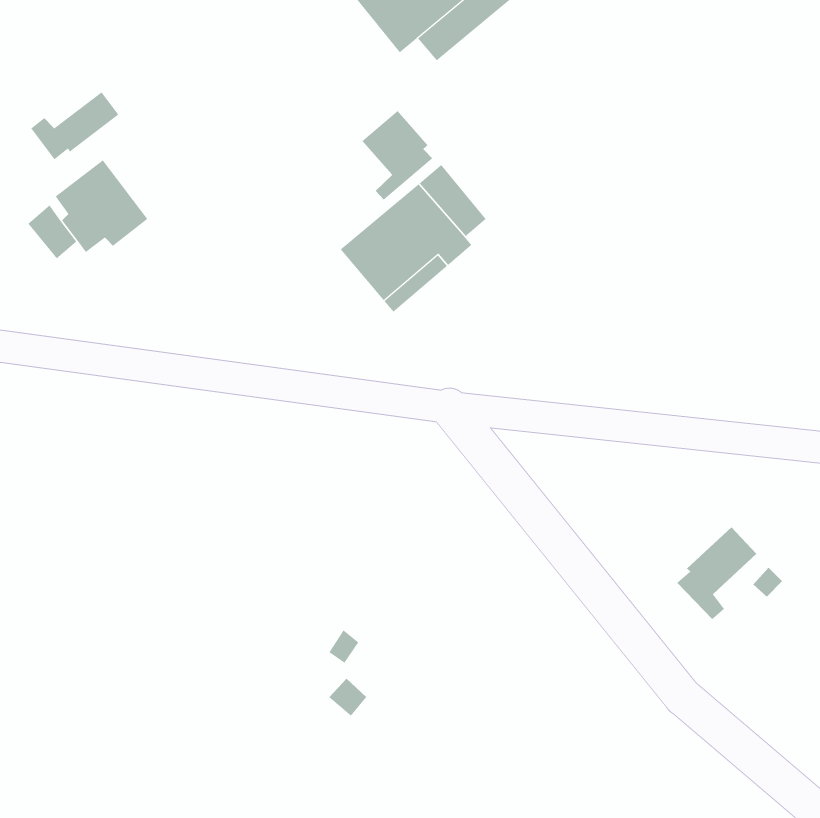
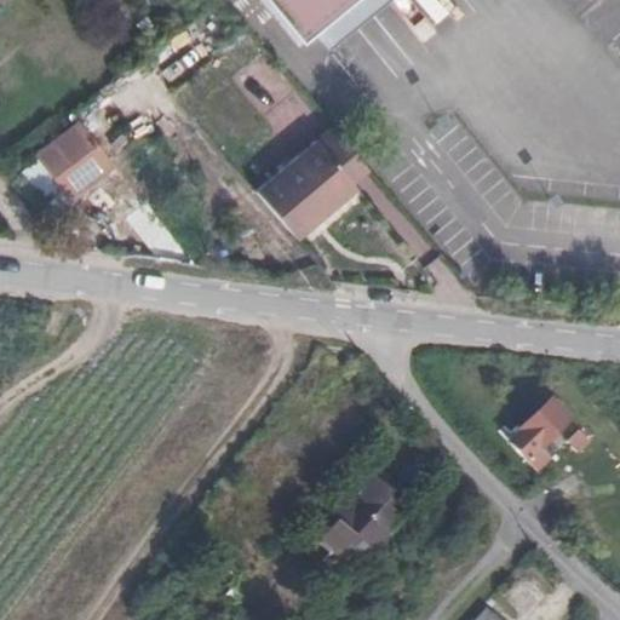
building: [31,91,119,160] -> none
building: [361,110,433,200] -> none
building: none -> [321,469,408,575]

